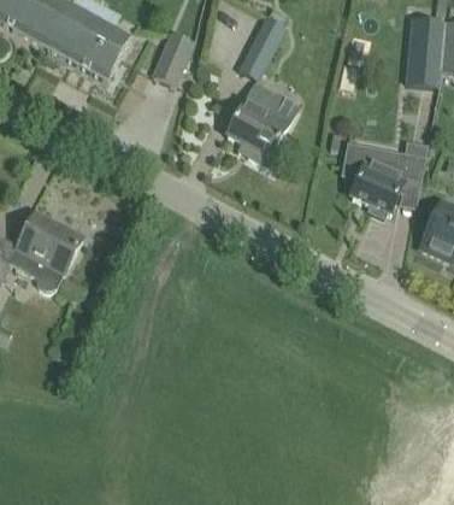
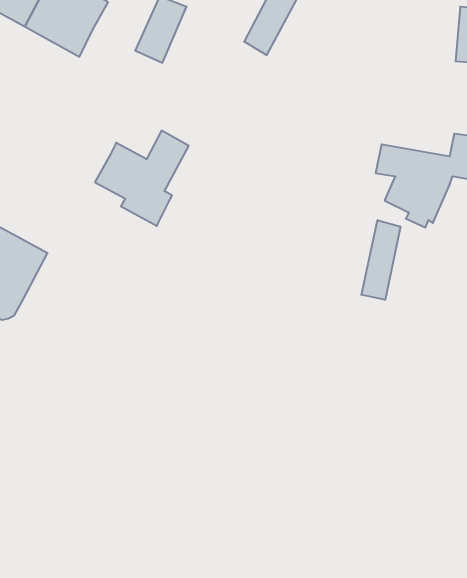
building: [225,93,300,169] -> [95,131,189,226]
building: none -> [361,220,401,300]

